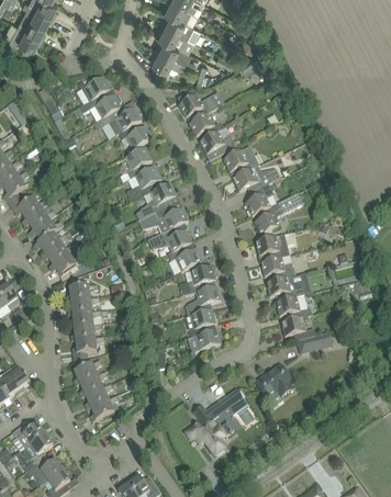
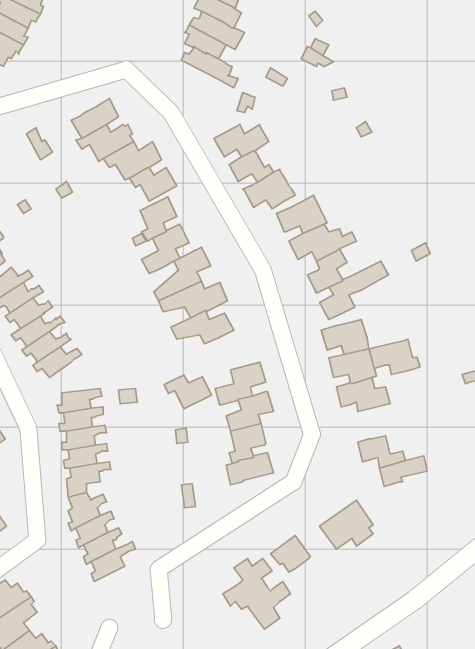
building: [150,47,180,76] -> none
building: [167,246,201,270] -> [164,375,212,409]
building: [276,293,312,318] -> [370,339,420,375]

